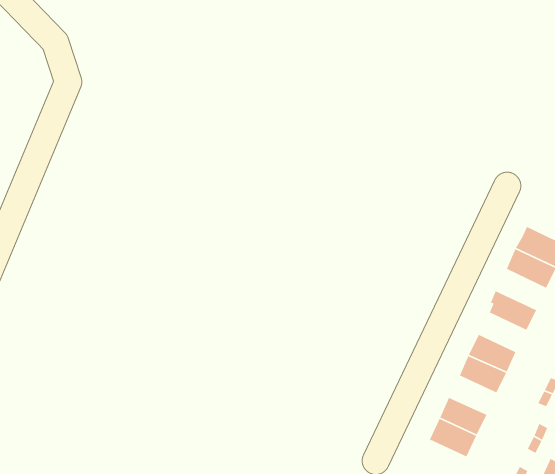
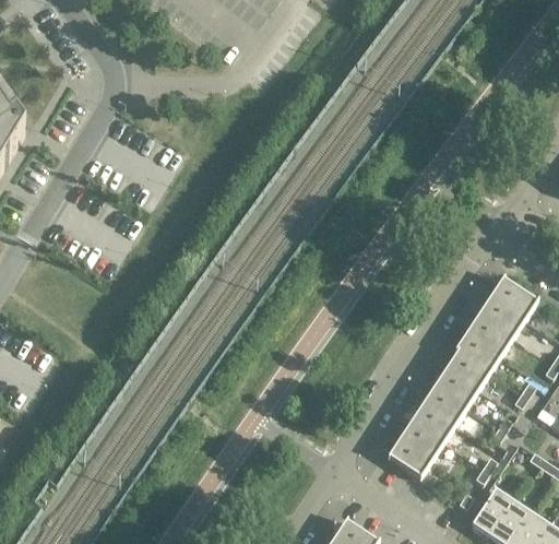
building: none -> [466,314,512,354]
building: none -> [445,351,489,389]
building: none -> [411,403,454,441]

